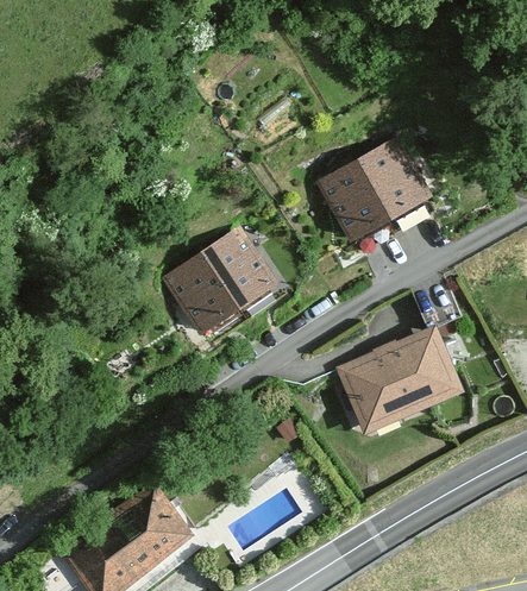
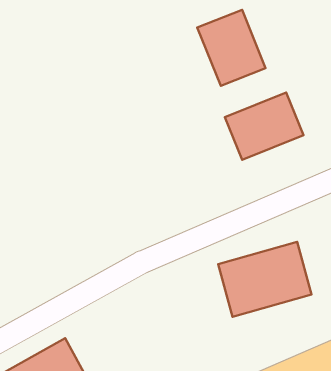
building: none -> [197,10,266,86]
building: [167,230,275,333] -> none

